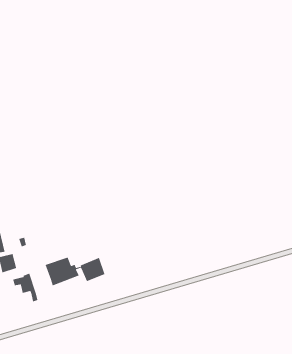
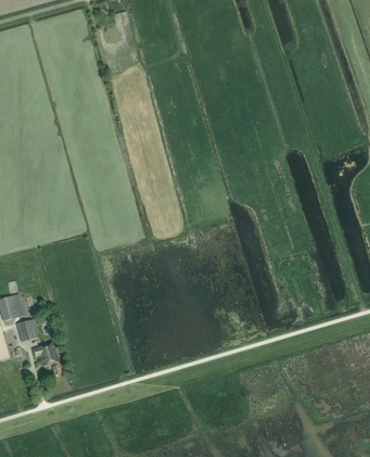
building: [44,257,106,286] -> none

